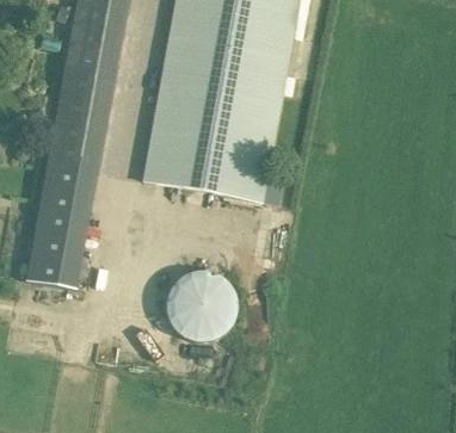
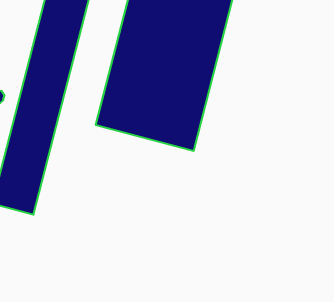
building: [167,270,238,340] -> none

